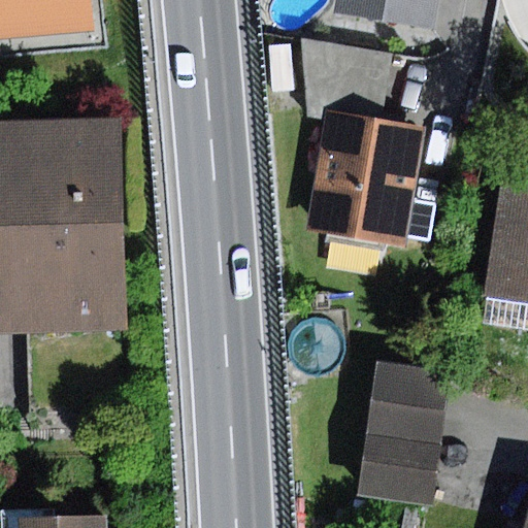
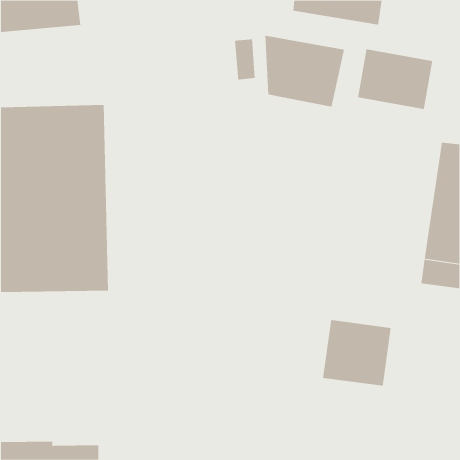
building: none -> [358,49,433,110]
building: [304,112,430,252] -> none
building: [360,433,439,507] -> none

